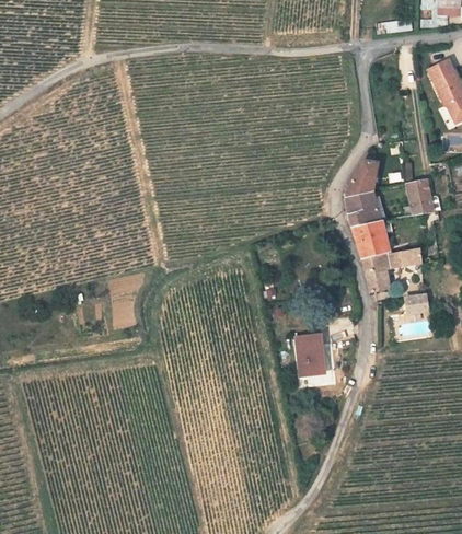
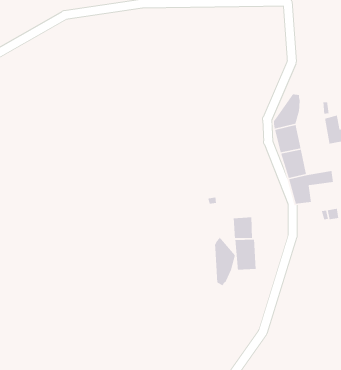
building: none -> [233,217,253,239]
building: none -> [214,236,236,287]

